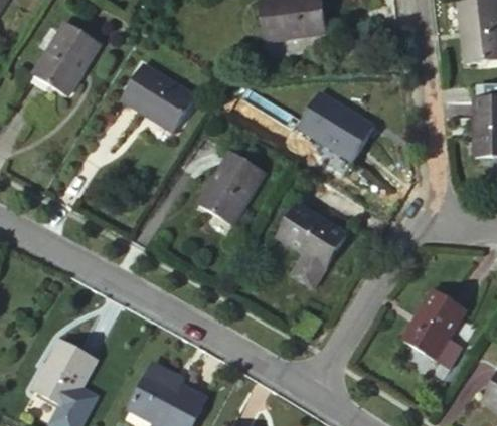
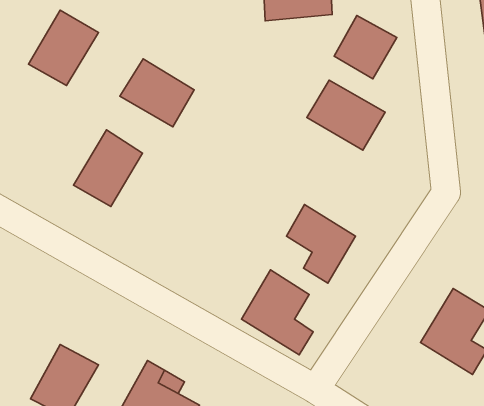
building: none -> [334,16,397,79]
building: [197,156,263,228] -> [74,130,143,206]
building: none -> [242,270,313,355]

